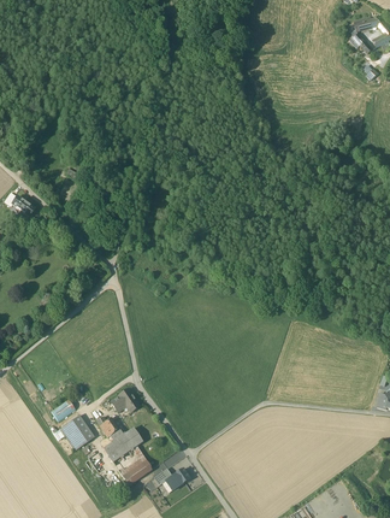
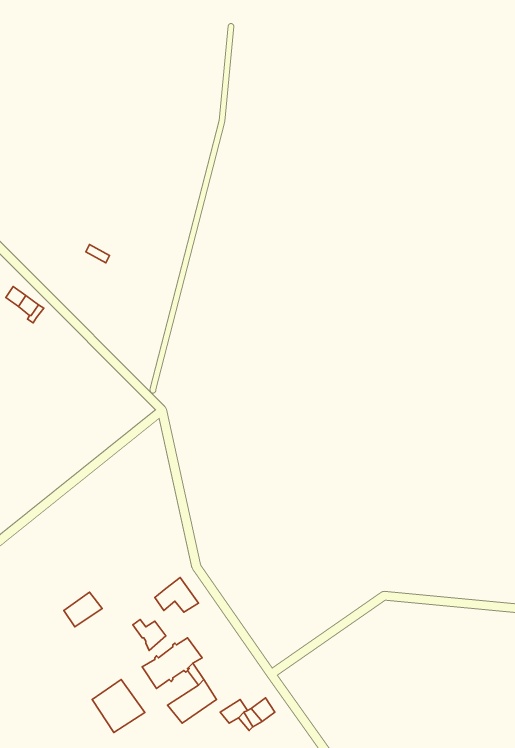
building: [59,417,94,452] -> [92,680,145,732]

